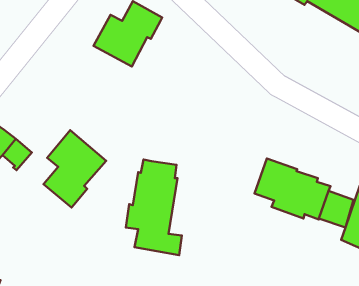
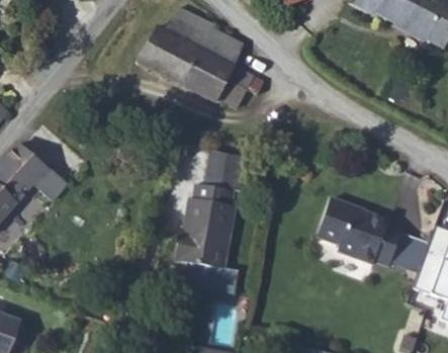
building: none -> [180,34,261,104]
building: none -> [202,154,243,198]
building: [44,130,106,208] -> none

